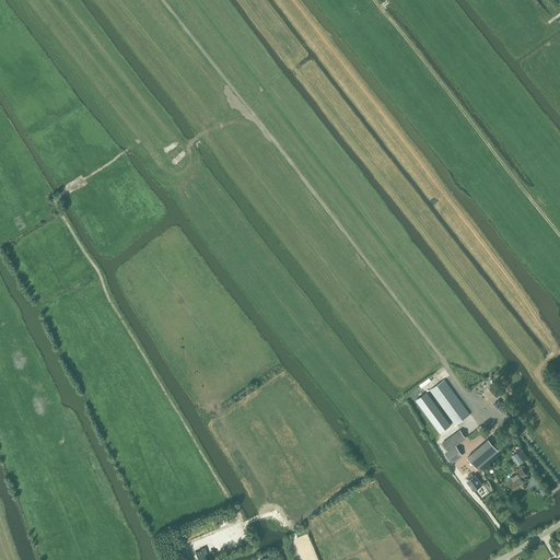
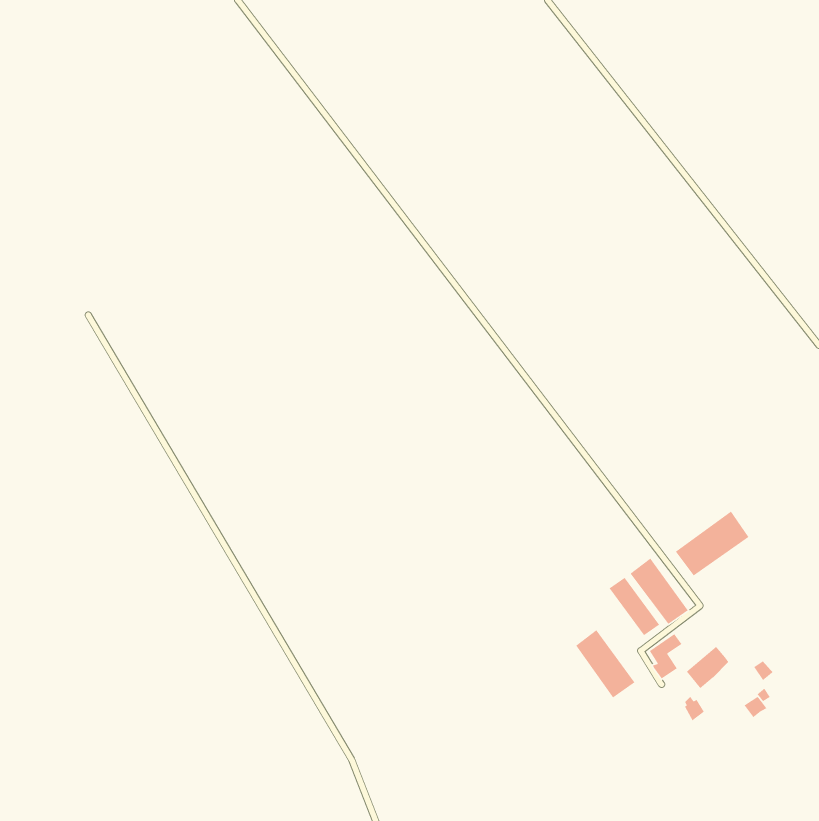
building: none -> [675,511,750,576]
building: none -> [575,629,636,698]

